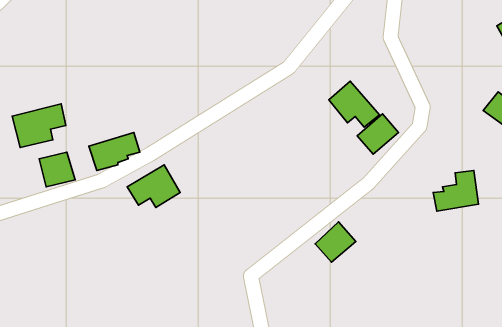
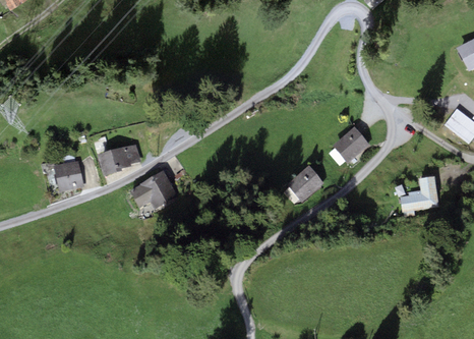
building: [329,81,379,127] -> none
building: [12,104,66,147] -> none
building: [315,222,356,262] -> [288,165,323,201]

